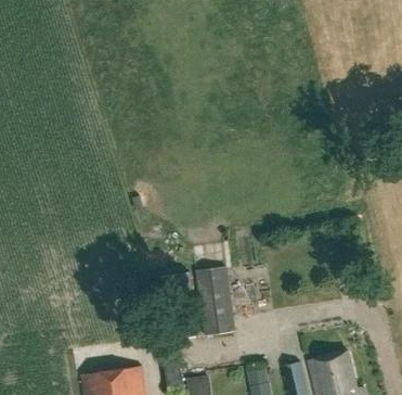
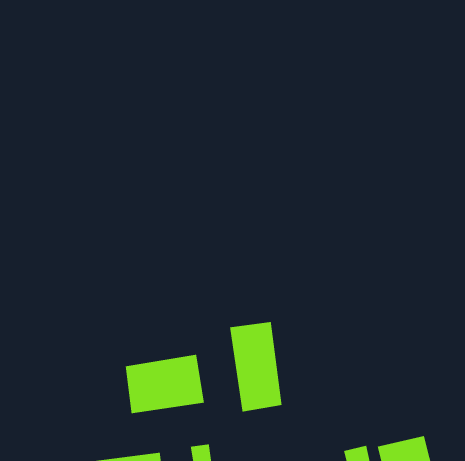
building: none -> [125,354,205,414]

